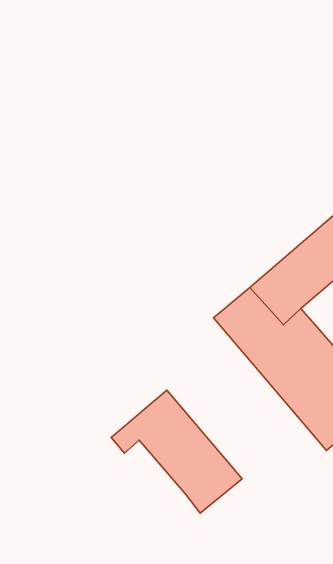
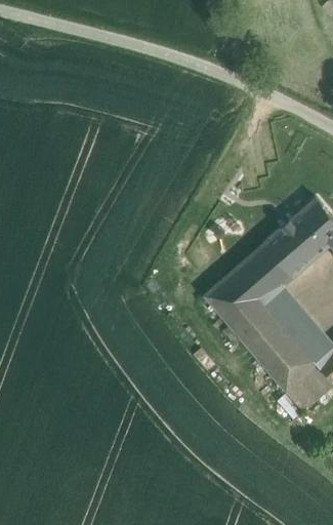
building: [111,390,242,513] -> none

